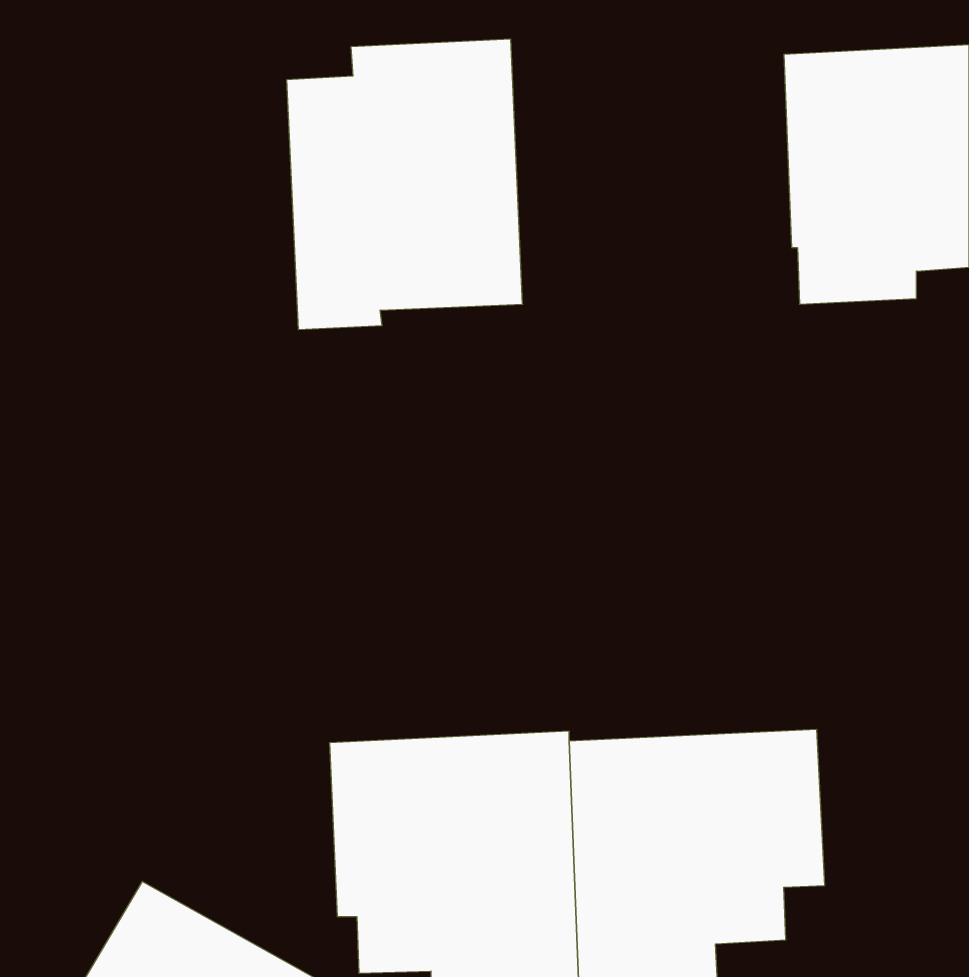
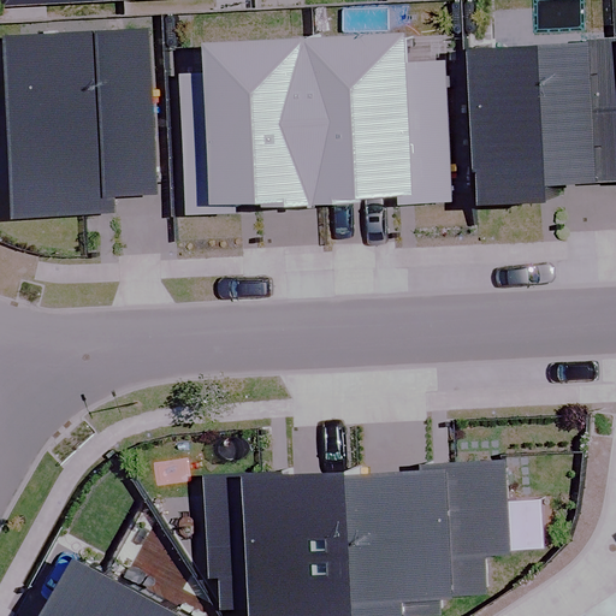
building: none -> [315,31,448,206]
building: none -> [8,32,155,220]

